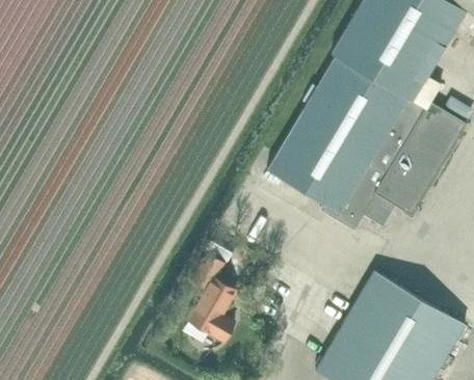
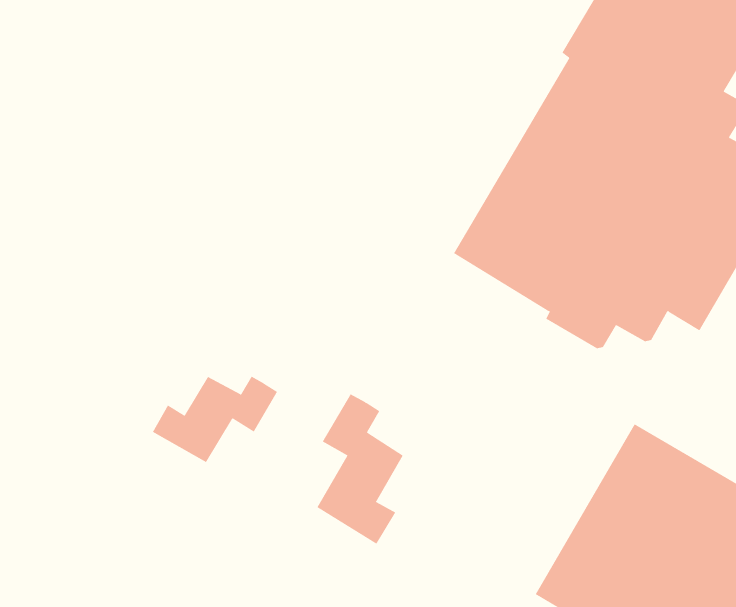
building: none -> [152,376,278,463]

